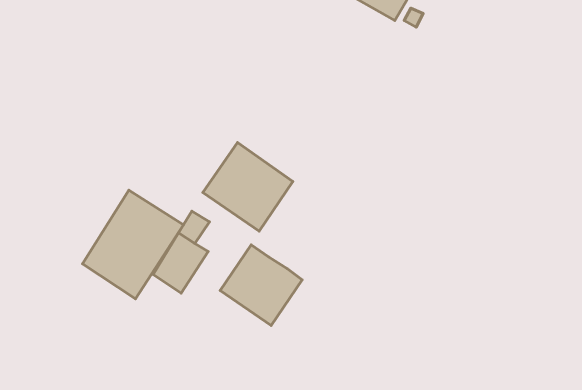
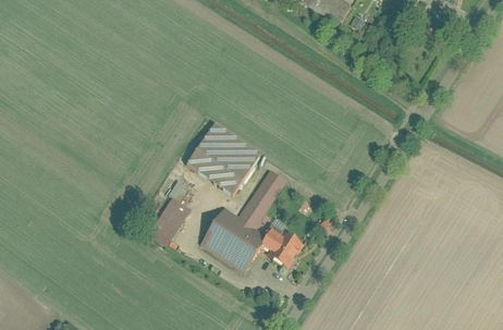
building: [82,190,183,299] -> none
building: none -> [240,170,285,225]
building: none -> [265,229,305,268]

